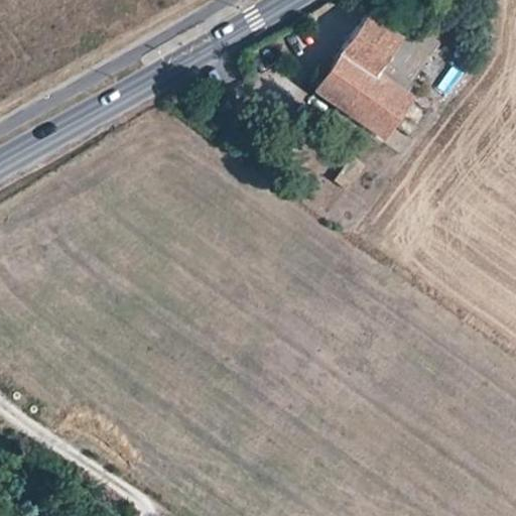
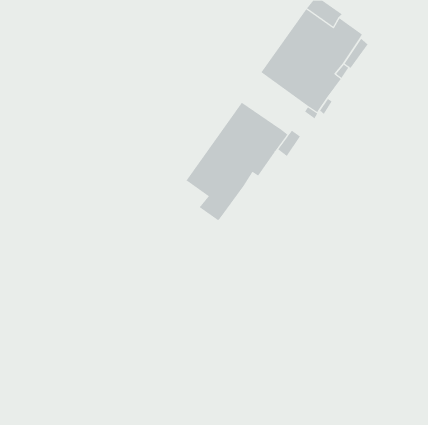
building: none -> [186,102,288,221]

